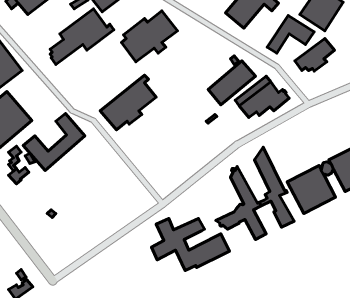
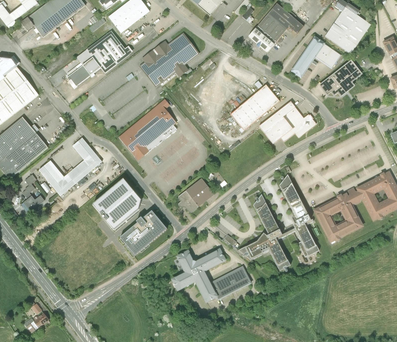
building: none -> [92,177,141,229]
building: none -> [177,177,213,212]
building: none -> [119,210,166,254]

